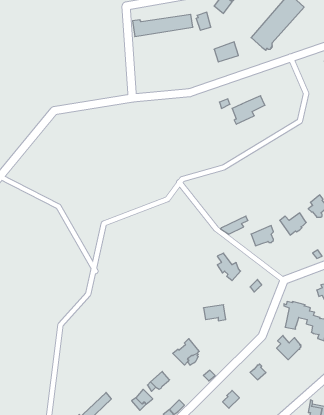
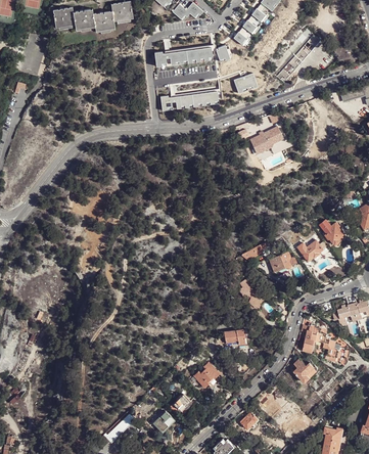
building: none -> [159,91,218,111]

